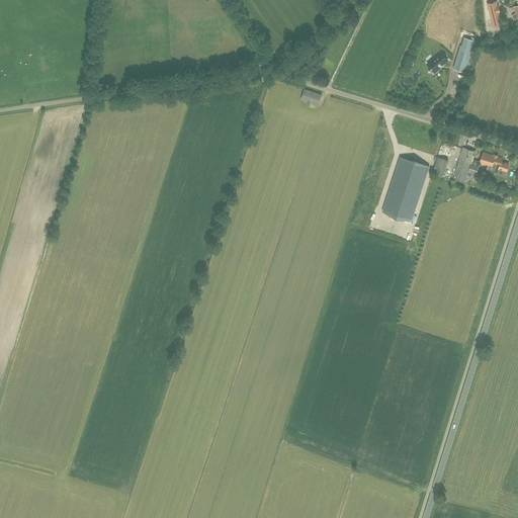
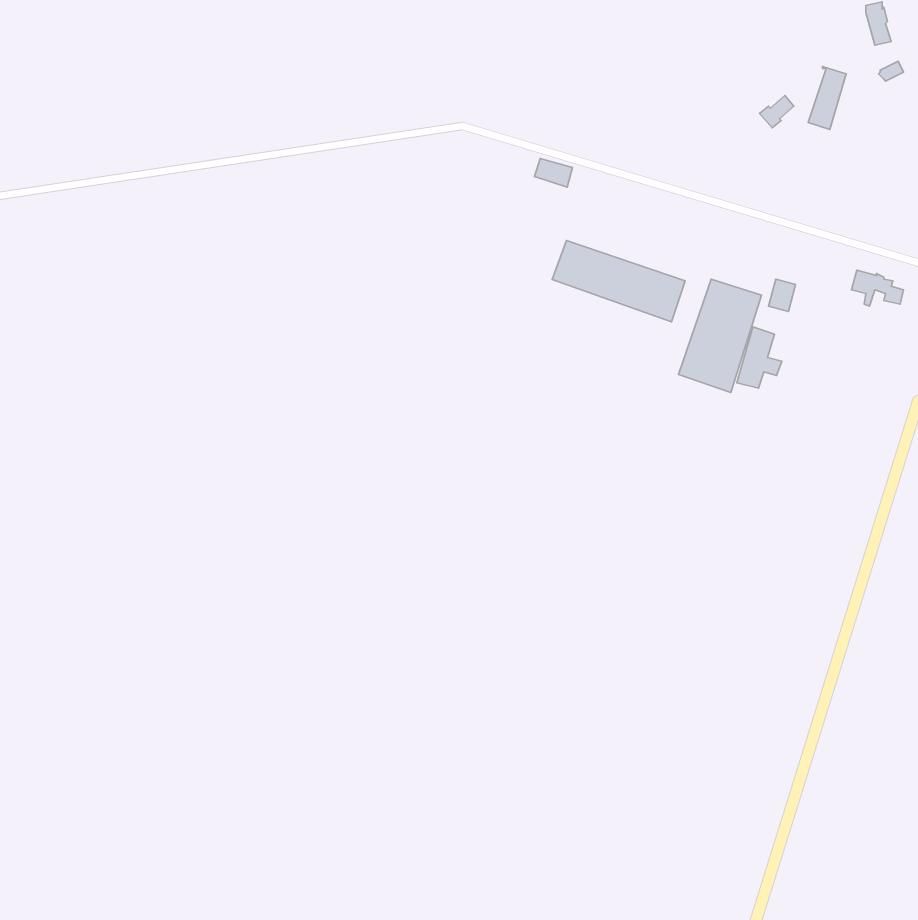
building: none -> [552,241,685,322]
building: [452,147,478,181] -> [737,327,782,388]

